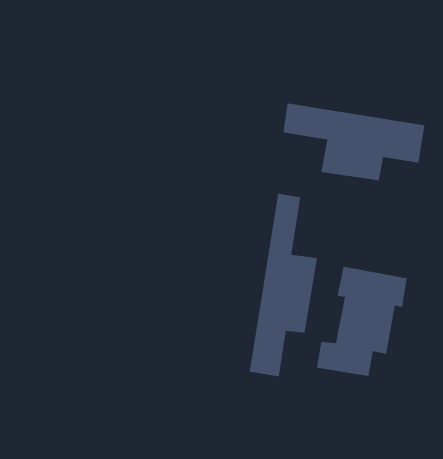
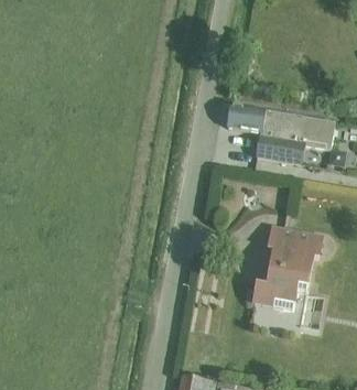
building: [249,193,317,377] -> none

